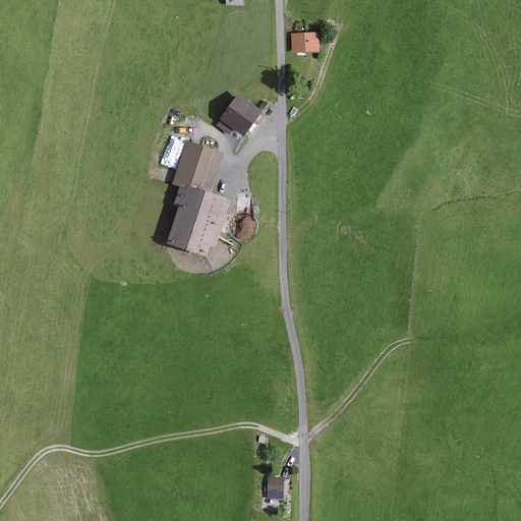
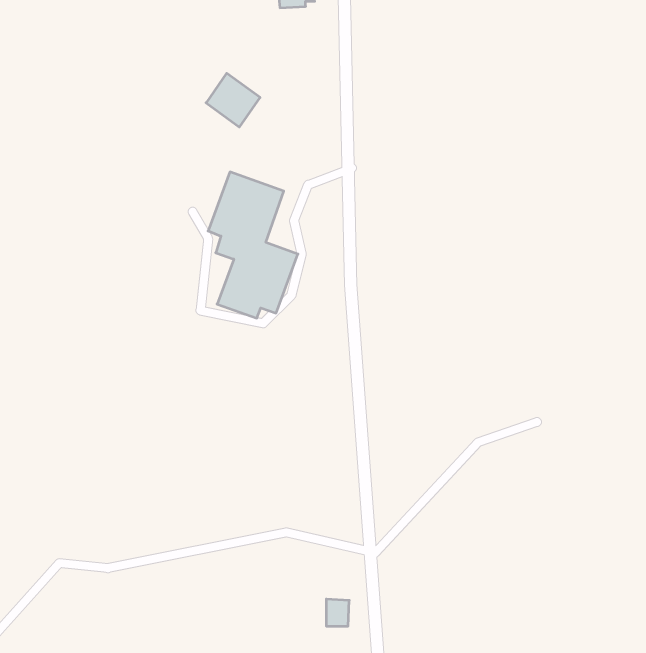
building: [290,32,322,53] -> none
building: [215,93,257,135] -> [206,73,260,127]

